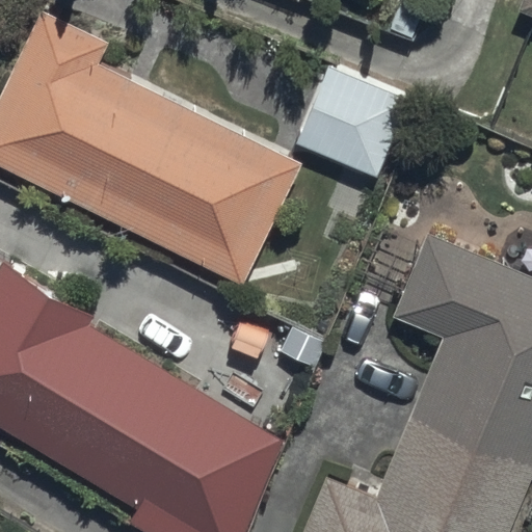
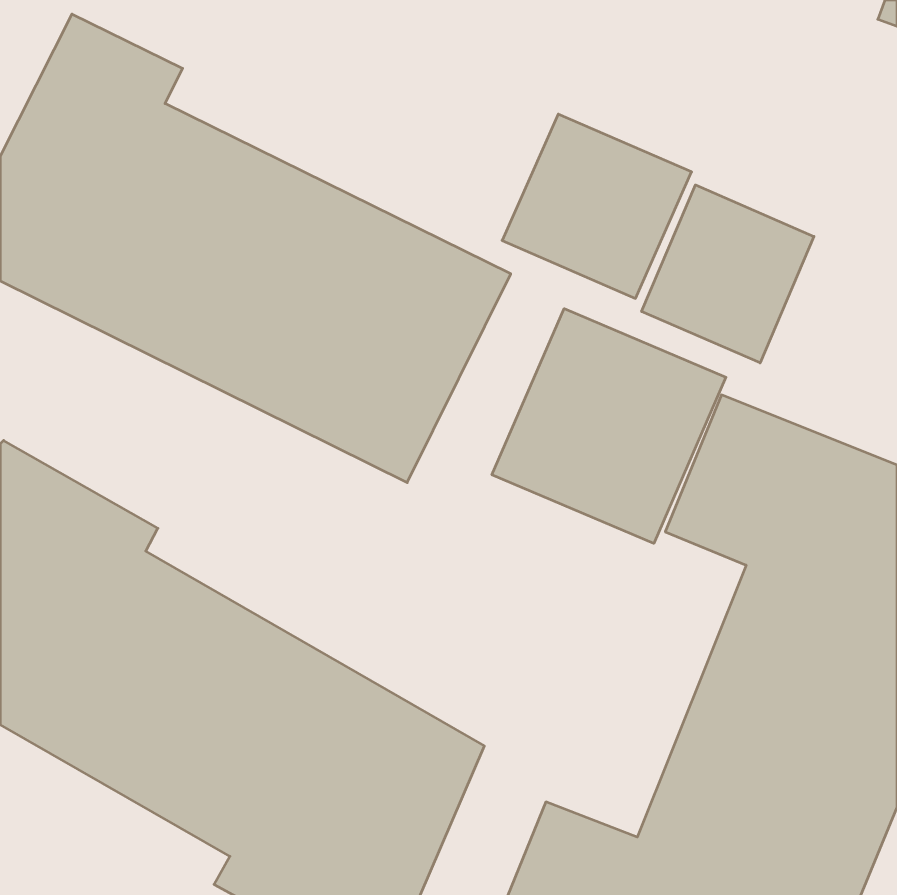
building: none -> [642,185,814,363]
building: none -> [492,309,726,543]

